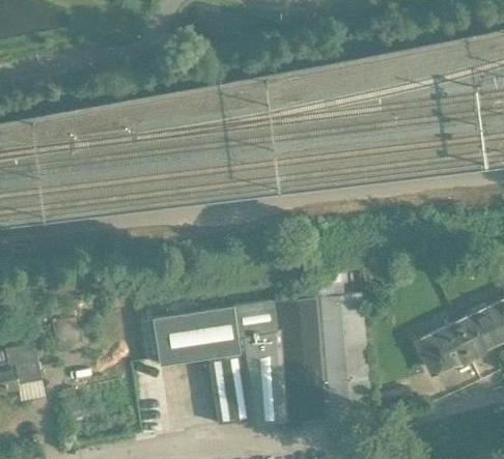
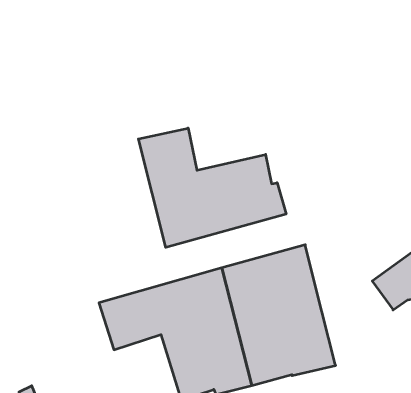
building: none -> [138,128,286,247]

